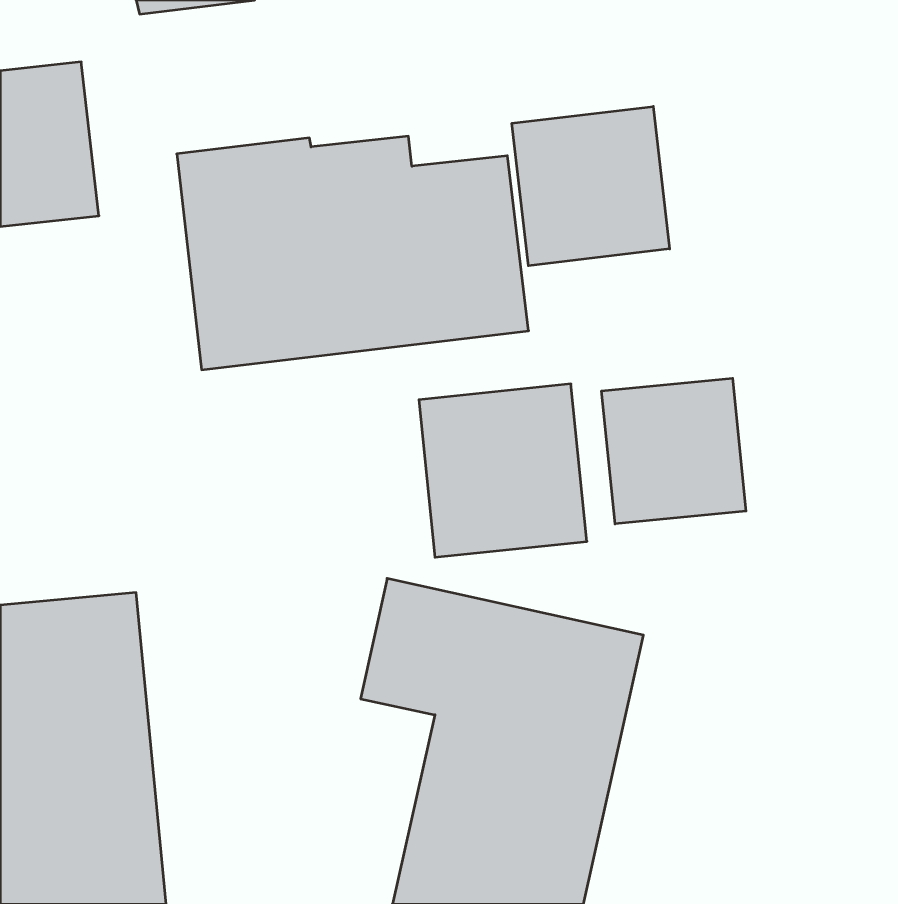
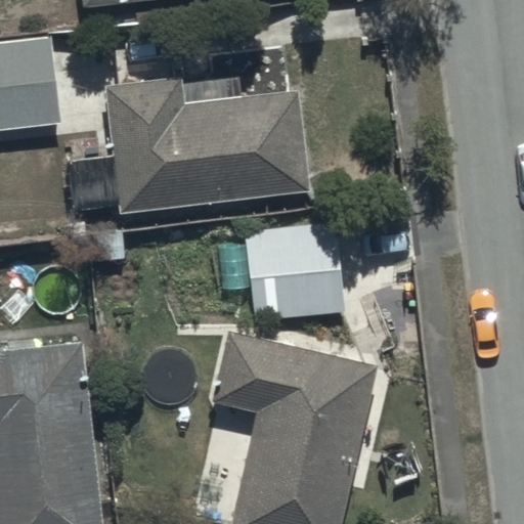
building: [512,106,670,266] -> none
building: [602,378,746,524] -> none

